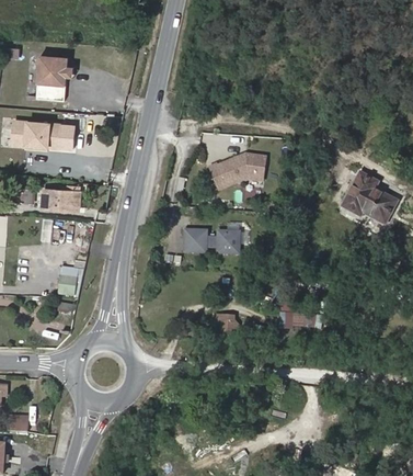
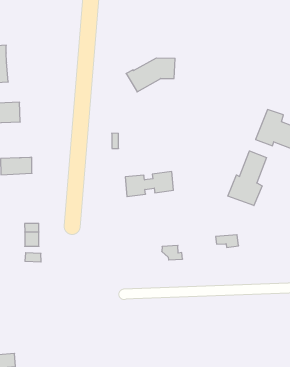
building: [208,152,267,189] -> [126,58,175,92]
building: none -> [228,151,267,206]

